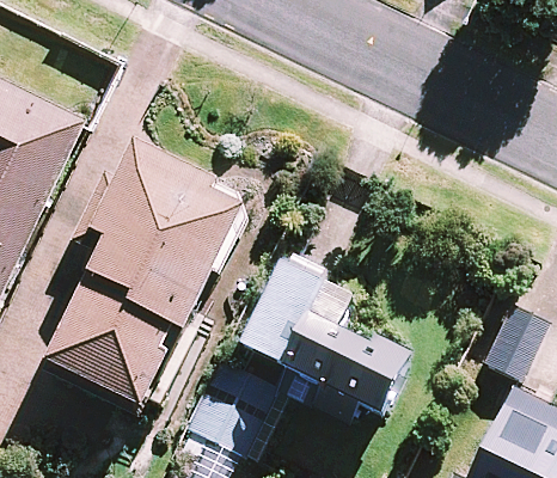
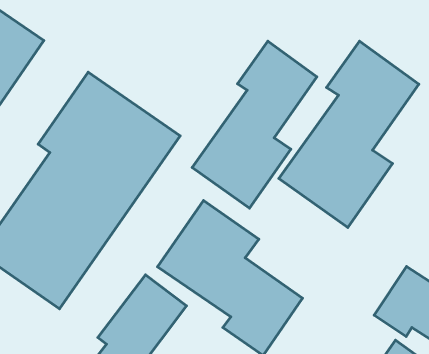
building: none -> [279,41,419,227]
building: none -> [192,41,317,208]

